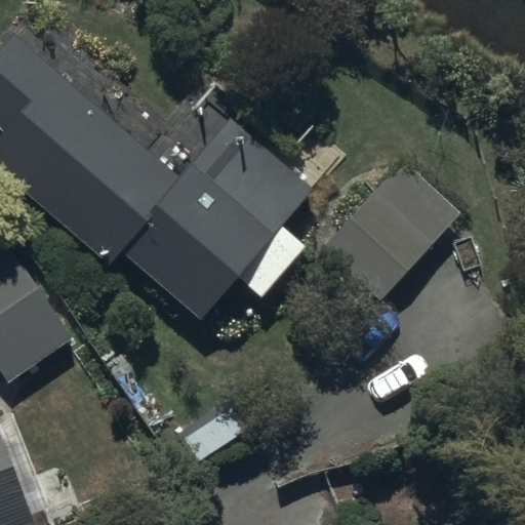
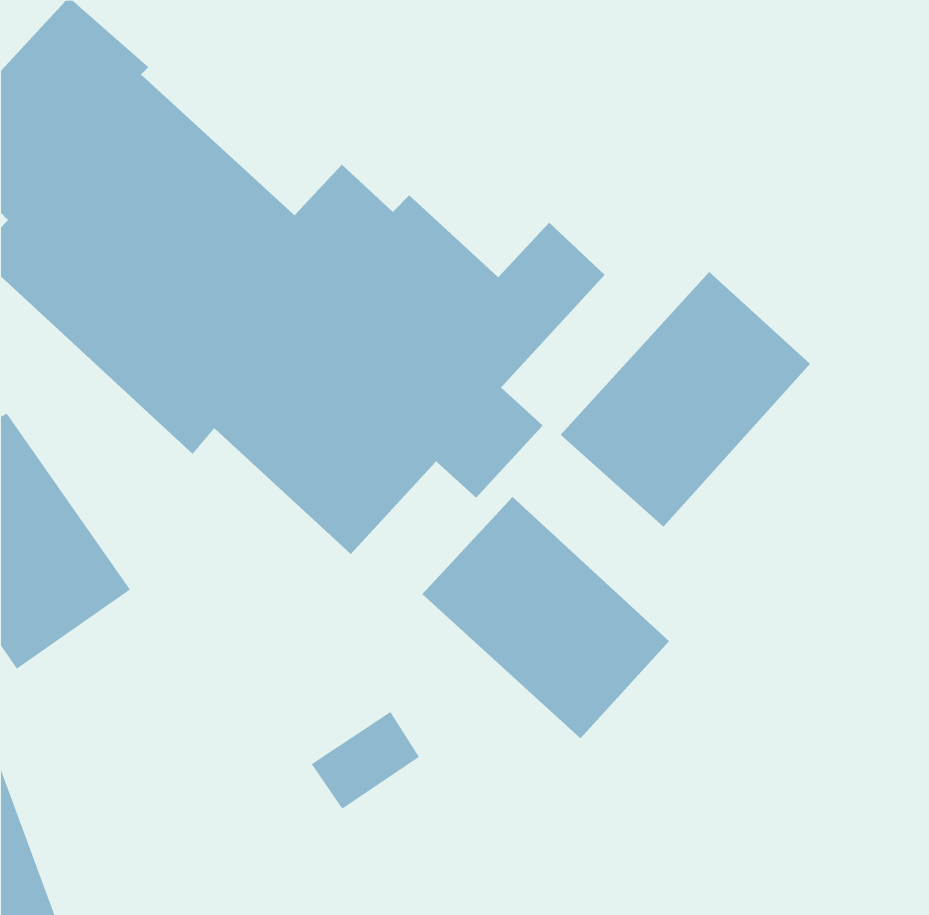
building: none -> [422,496,670,739]

